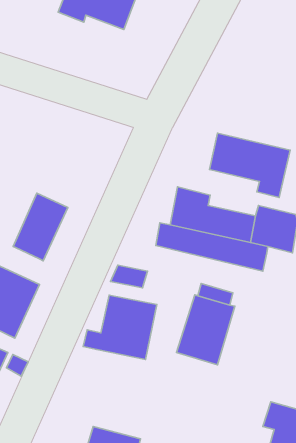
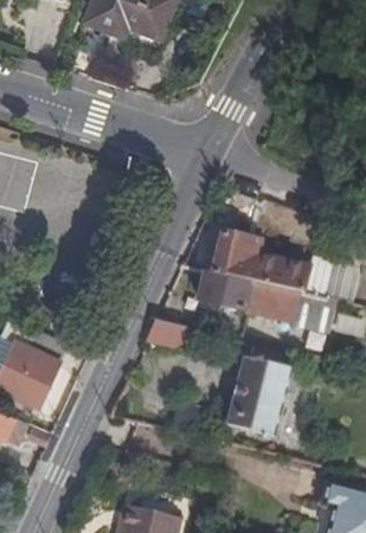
building: [210,133,290,198] -> none
building: [13,193,68,261] -> none
building: [83,295,157,360] -> none

